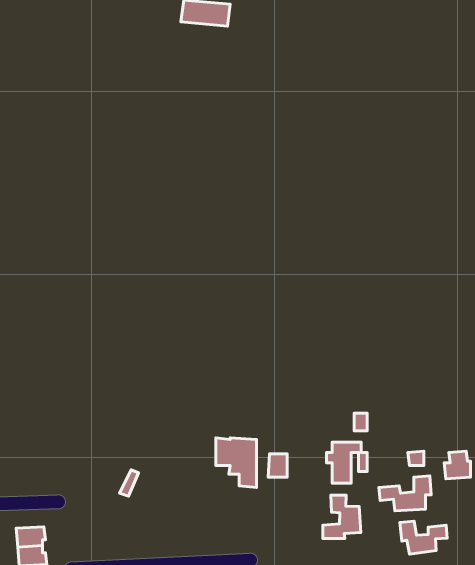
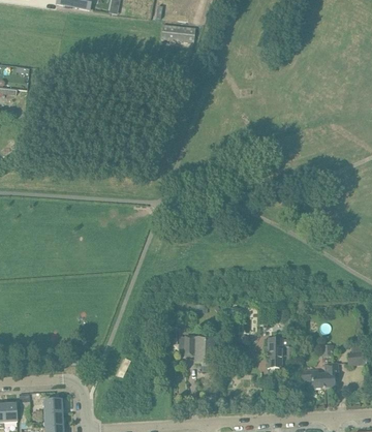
building: [323,495,361,539] -> none
building: [400,521,447,554] -> none

